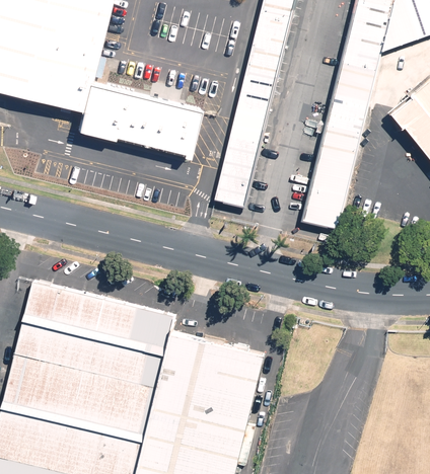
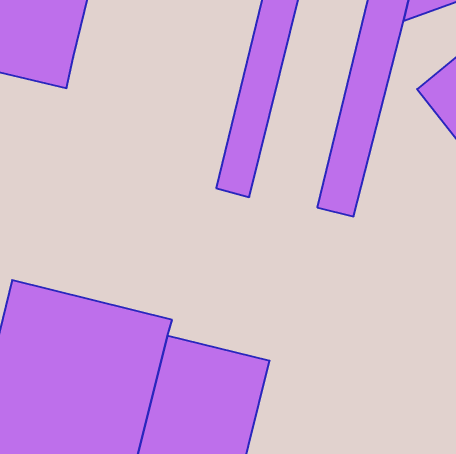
building: [77,83,201,154] -> none

